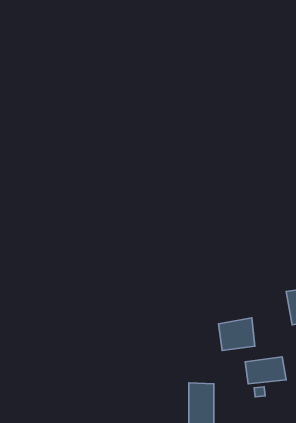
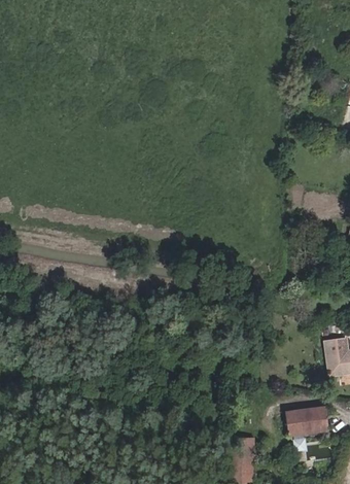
building: [218,318,255,351] -> none

